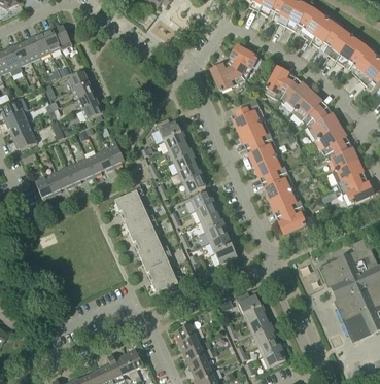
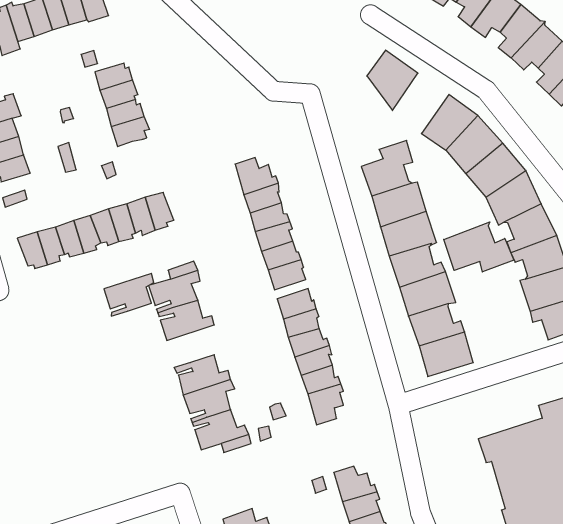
building: [211,61,245,90] -> none
building: none -> [444,222,514,272]
building: [129,217,158,245] -> [104,273,154,316]

